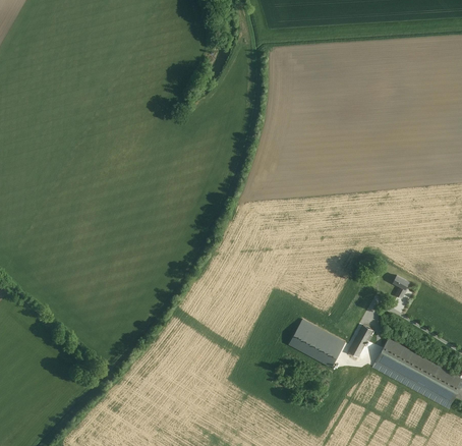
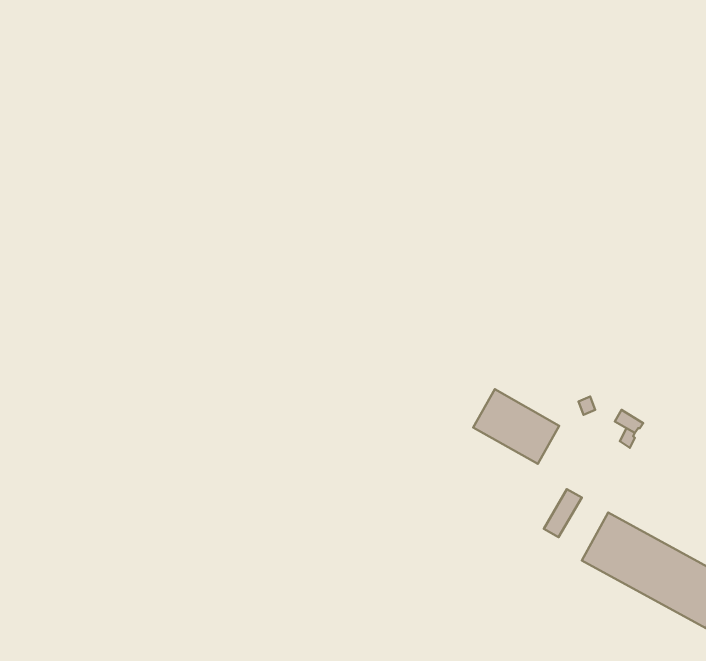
building: [290,320,343,366] -> [473,389,559,464]

